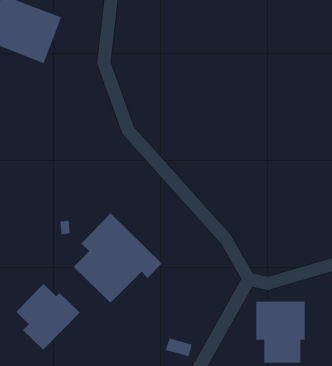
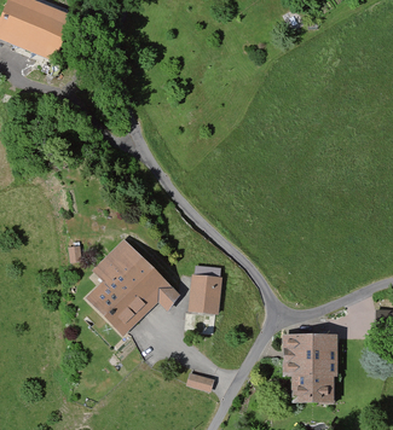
building: none -> [186,265,221,312]
building: [16,283,80,351] -> none

